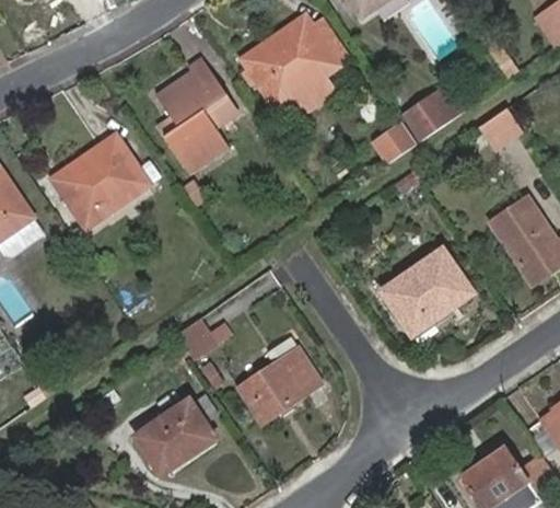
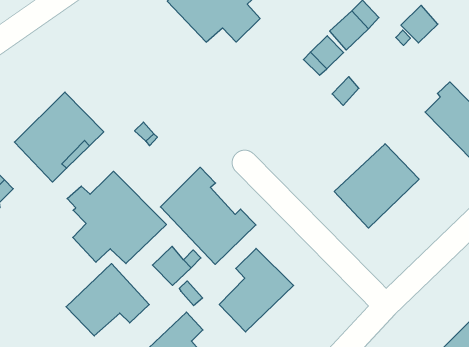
building: [156,56,233,173] -> none
building: none -> [67,171,166,264]
building: none -> [160,167,256,264]
building: none -> [66,264,149,336]

